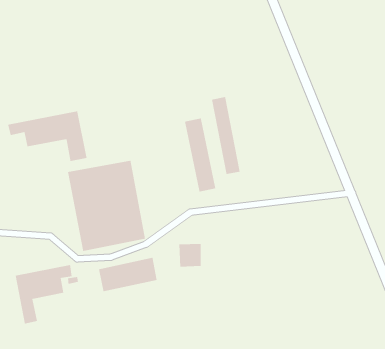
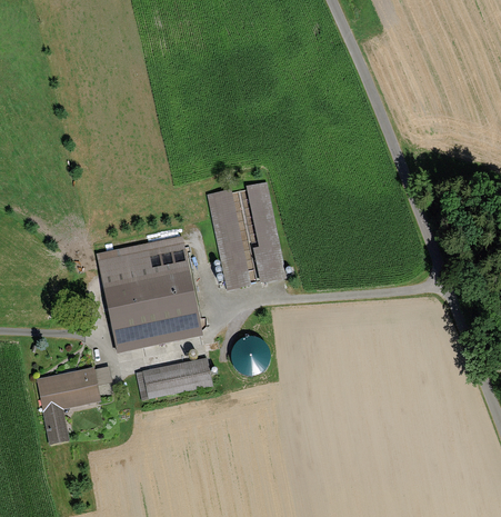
building: [211,97,241,174] -> [209,191,244,286]
building: [8,111,87,162] -> none

